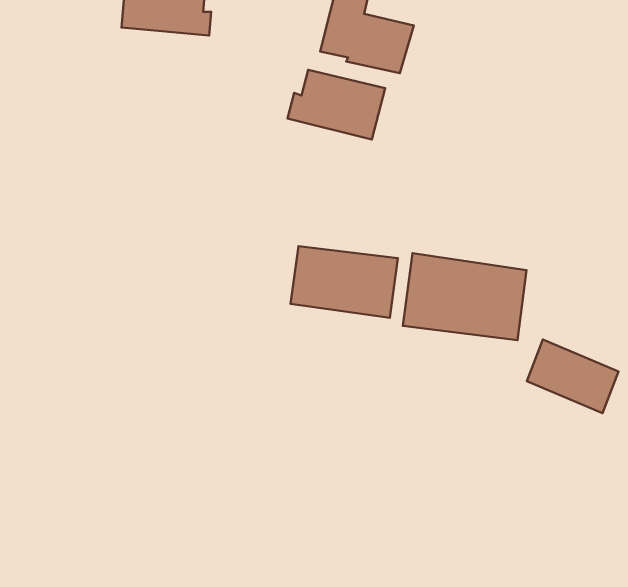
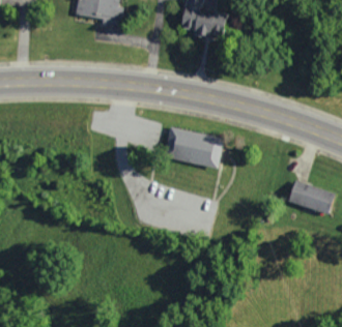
building: [288,70,385,139] -> none
building: [403,253,527,340] -> none

